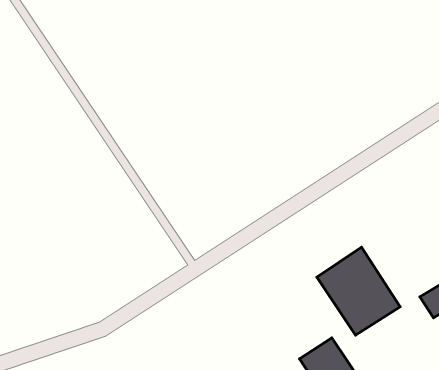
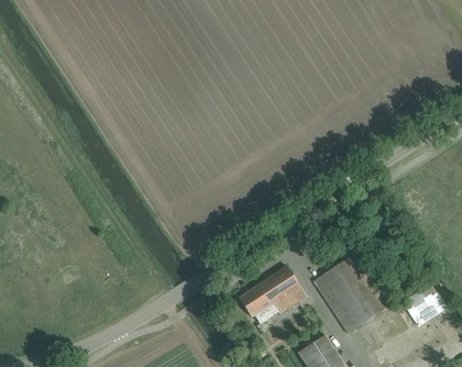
building: none -> [238,266,306,323]

